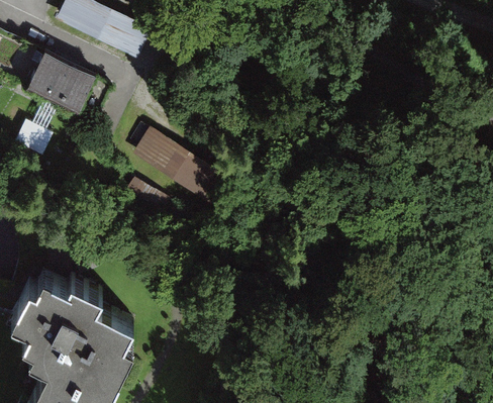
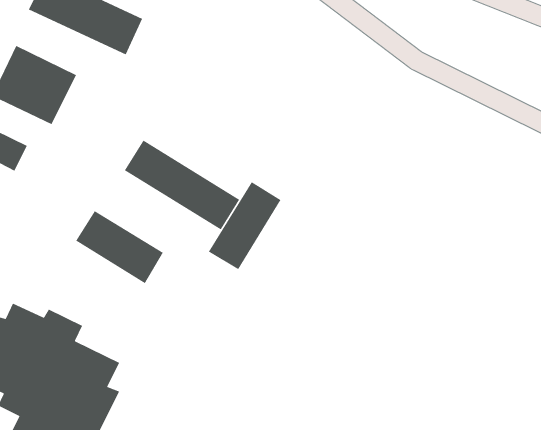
building: none -> [208,181,282,270]
building: none -> [75,210,164,284]

